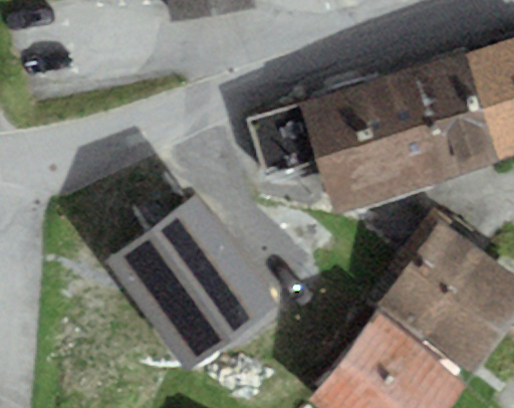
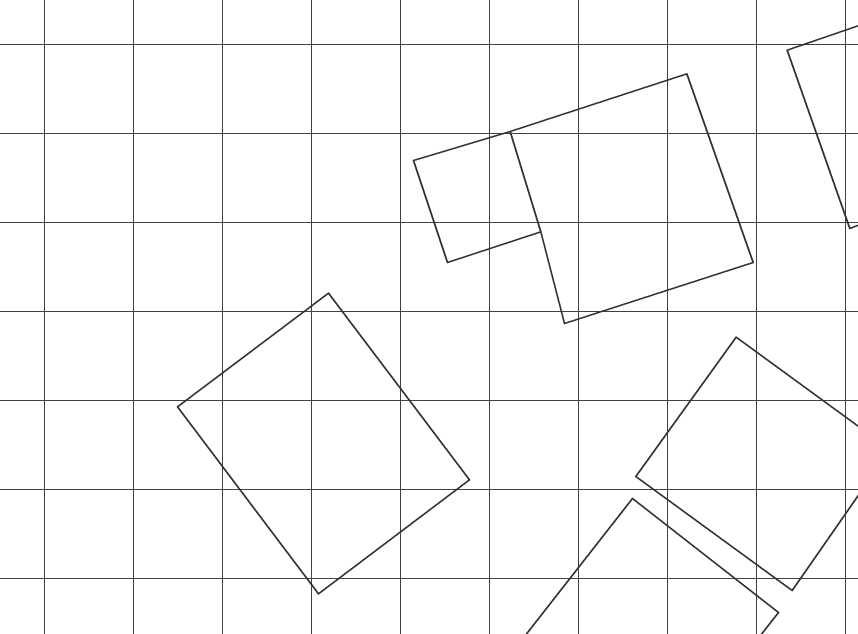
building: [408,47,504,179] -> none

